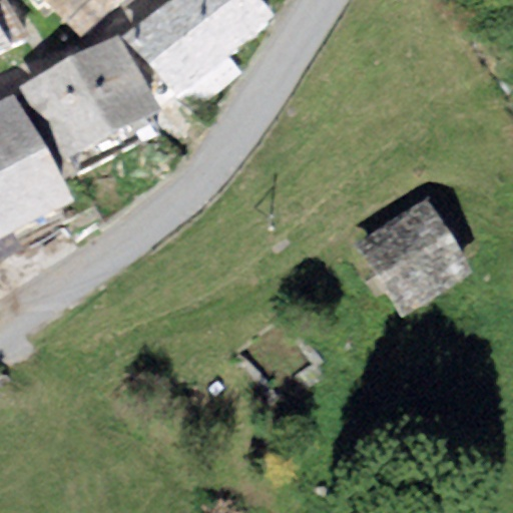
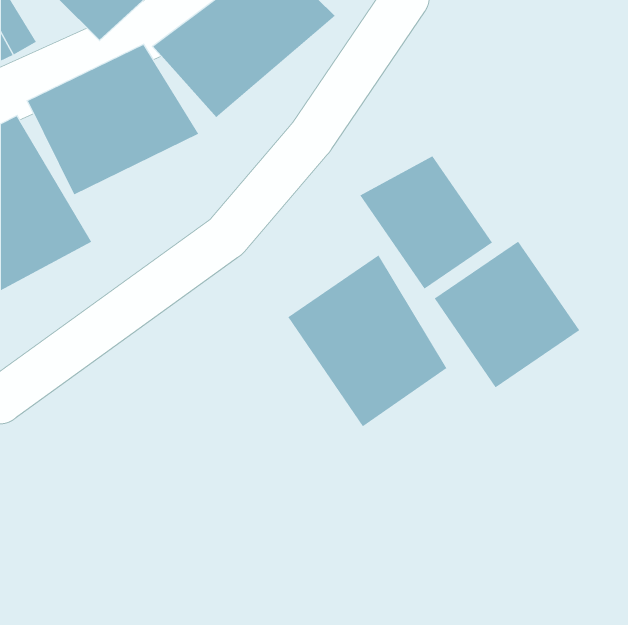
building: none -> [360,155,493,290]
building: none -> [287,254,447,427]

